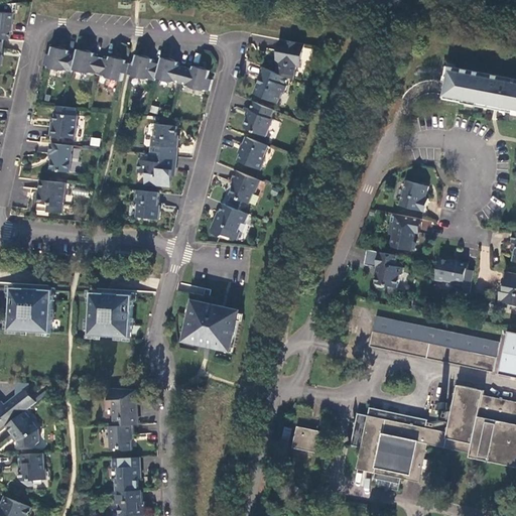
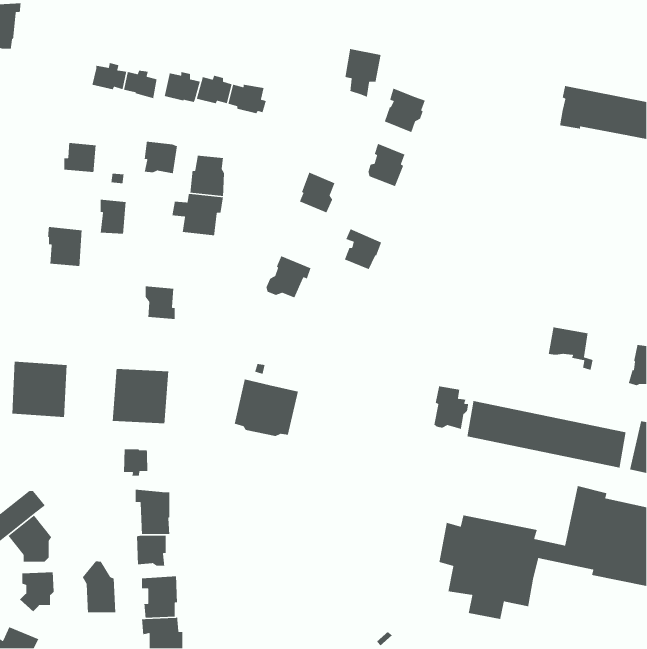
building: [42,46,76,71] -> none
building: [253,66,286,102] -> [384,87,426,133]
building: [243,100,273,135] -> [367,143,406,187]
building: none -> [144,141,178,174]
building: [50,142,72,170] -> [100,199,126,235]
building: [229,168,259,202] -> [344,228,382,270]
building: [400,179,428,212] -> none
building: [135,189,159,217] -> [145,286,175,320]
building: [388,214,420,251] -> none
building: [374,252,402,287] -> [434,385,469,430]
building: none -> [123,448,148,477]
building: [291,427,327,454] -> none
building: none -> [82,561,116,613]

